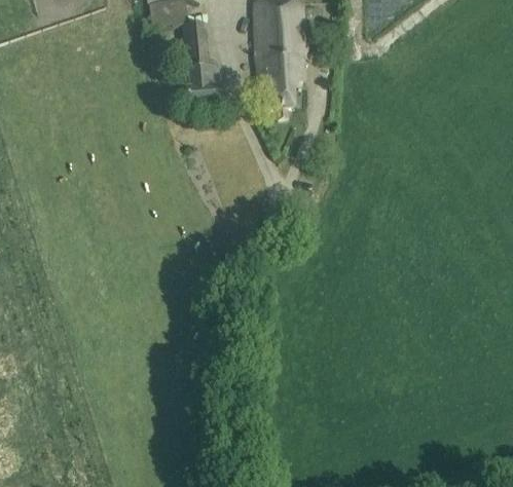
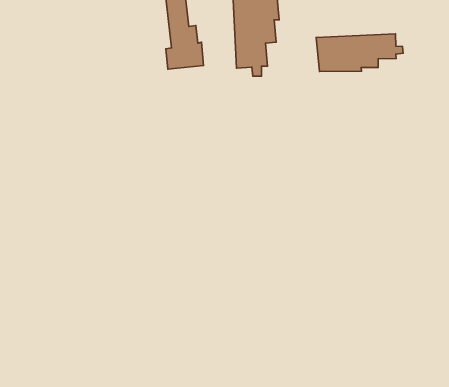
building: none -> [316,34,403,71]

